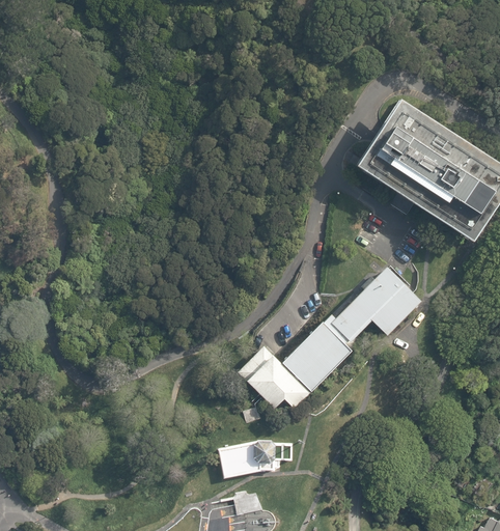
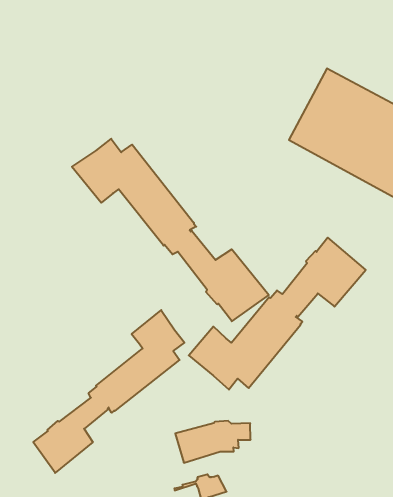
building: none -> [72,139,269,321]
building: none -> [33,310,184,473]

